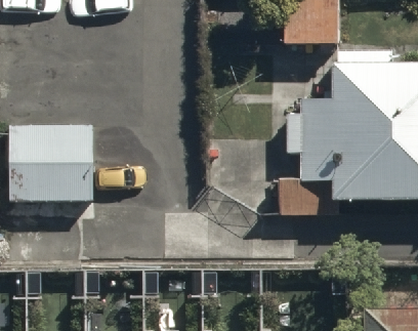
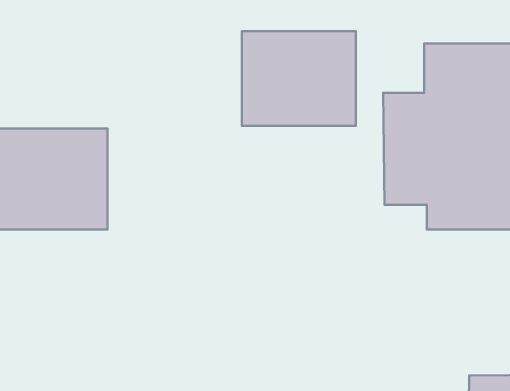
building: none -> [242,31,356,126]

